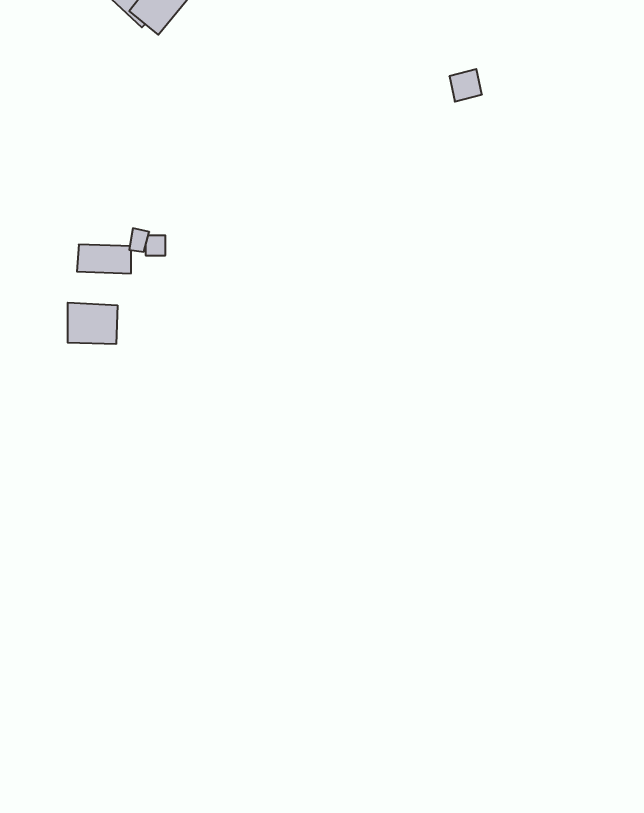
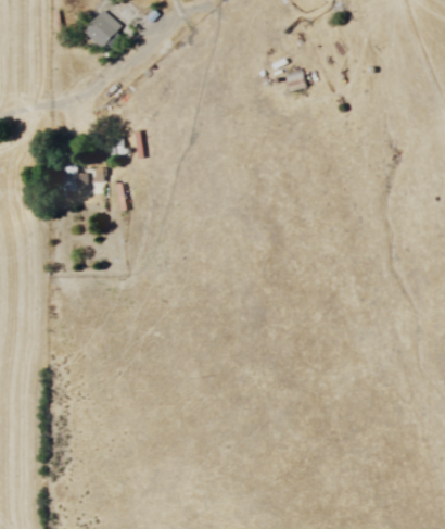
building: [68,303,117,344] -> none

